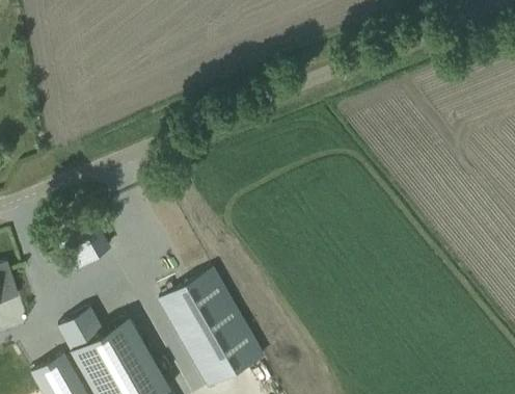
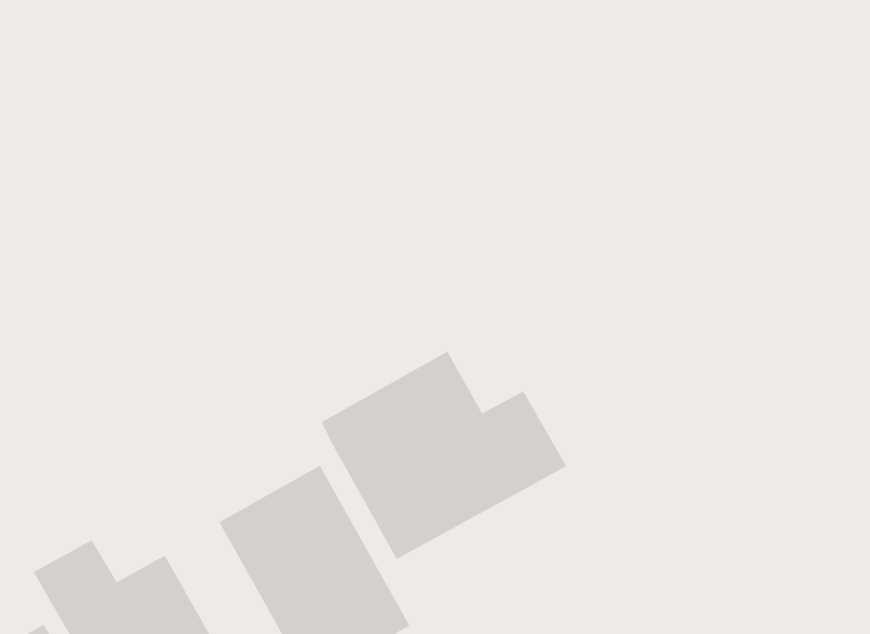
building: none -> [321,351,567,560]

